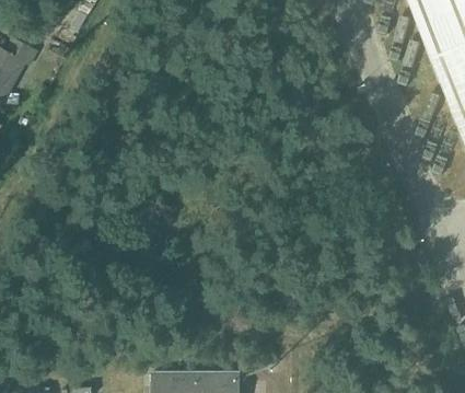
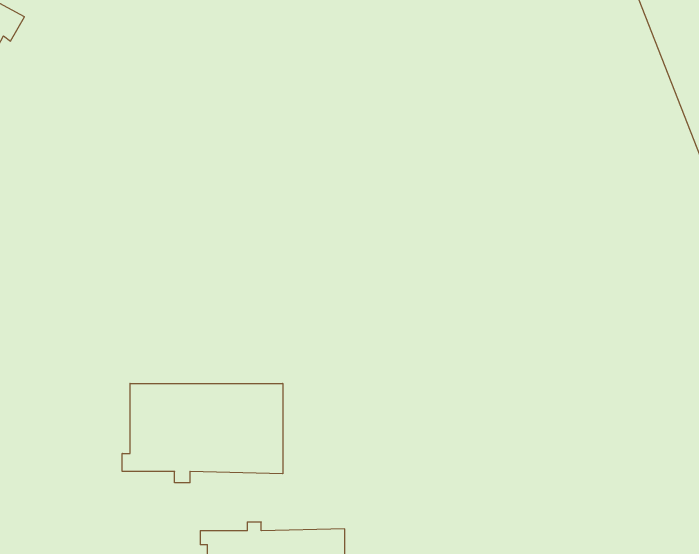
building: none -> [122,383,283,483]

